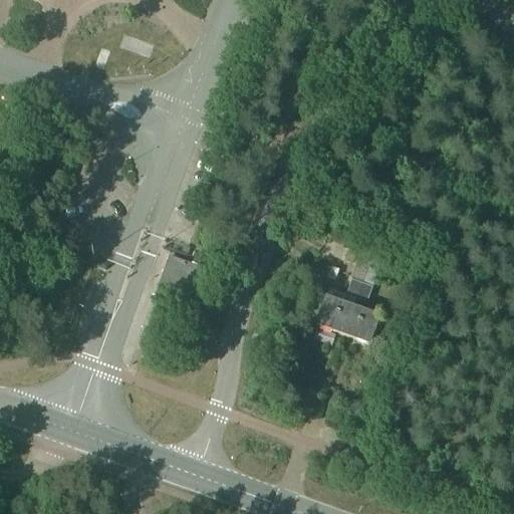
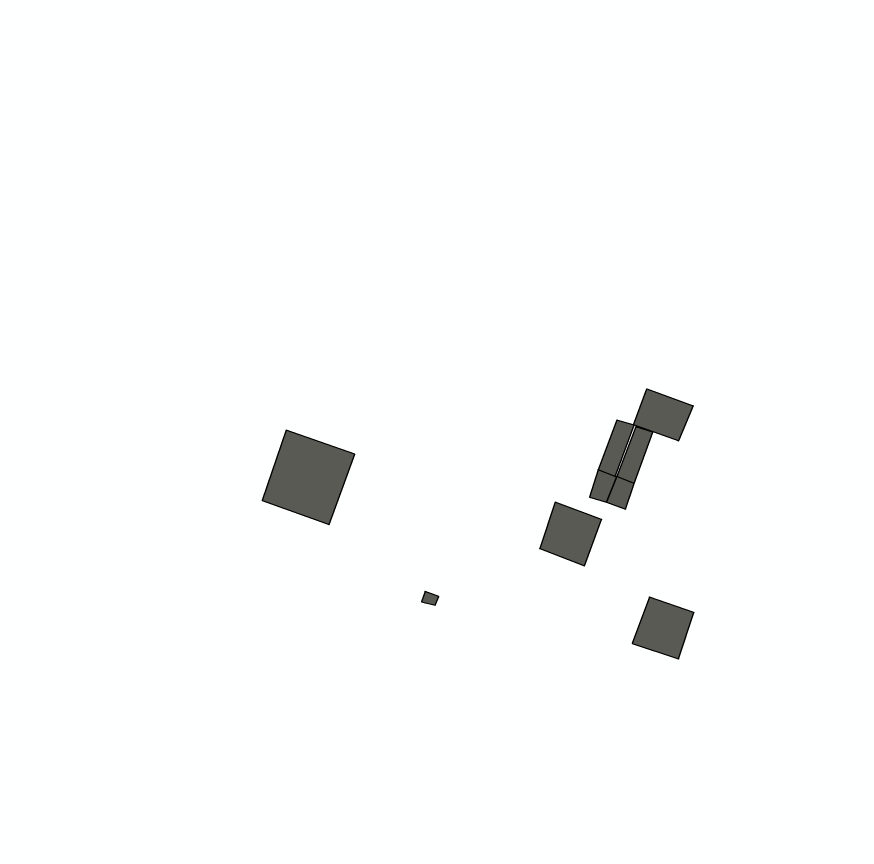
building: none -> [634,389,693,441]
building: [342,304,378,340] -> [632,597,694,659]

